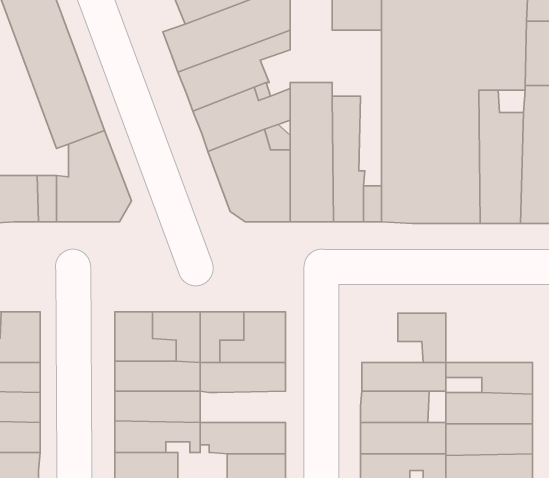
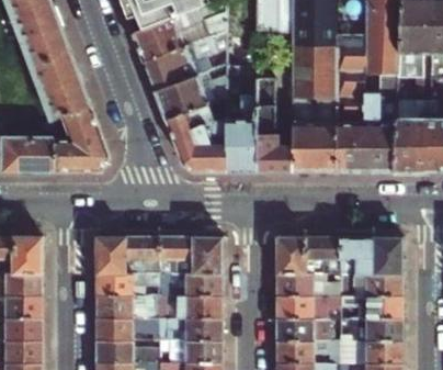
building: none -> [276,237,321,274]
building: none -> [338,238,401,274]
building: none -> [158,295,220,318]

